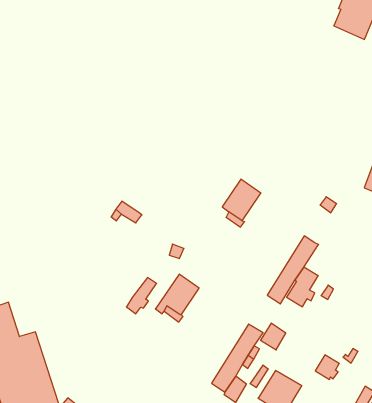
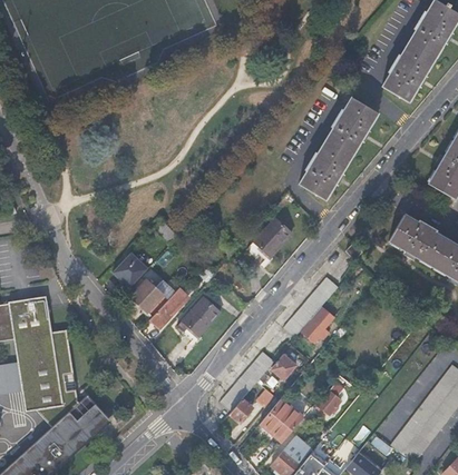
building: none -> [299,96,378,200]
building: none -> [114,254,148,288]
building: none -> [131,280,164,314]

